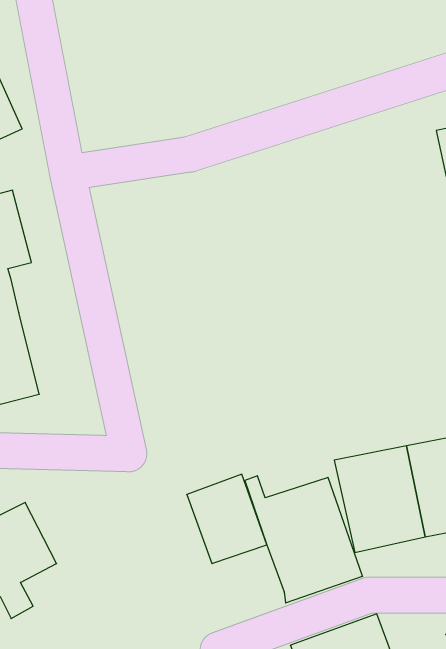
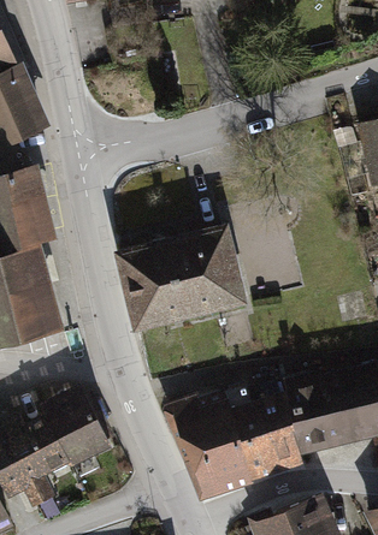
building: none -> [118,230,236,322]
building: none -> [42,385,111,465]
building: none -> [190,446,246,497]

